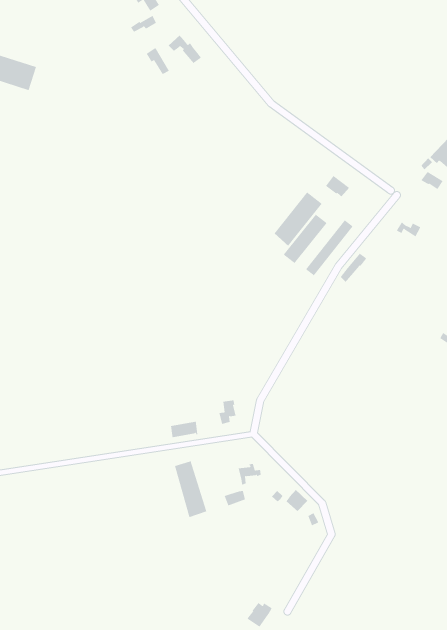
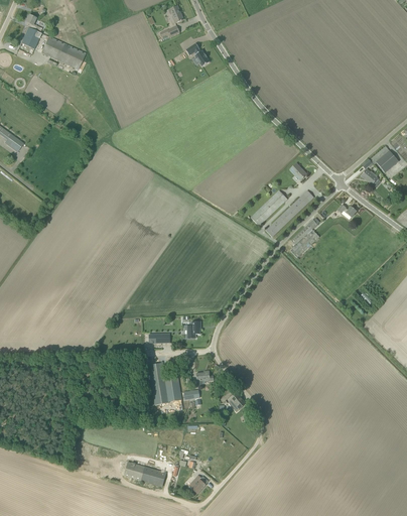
building: [274,191,323,246] -> none
building: none -> [124,462,166,487]

